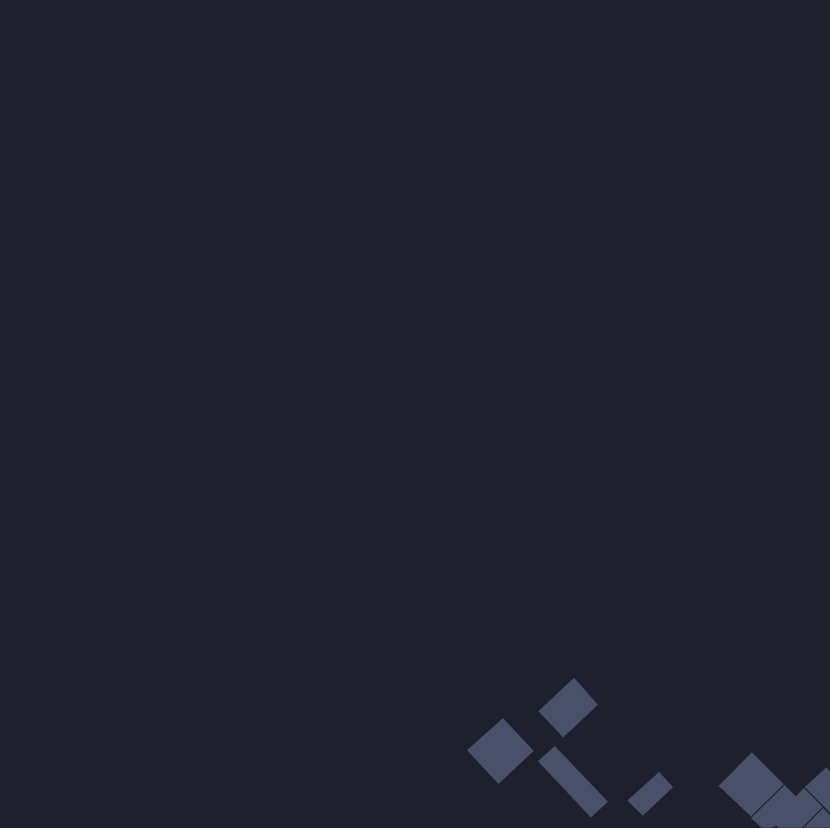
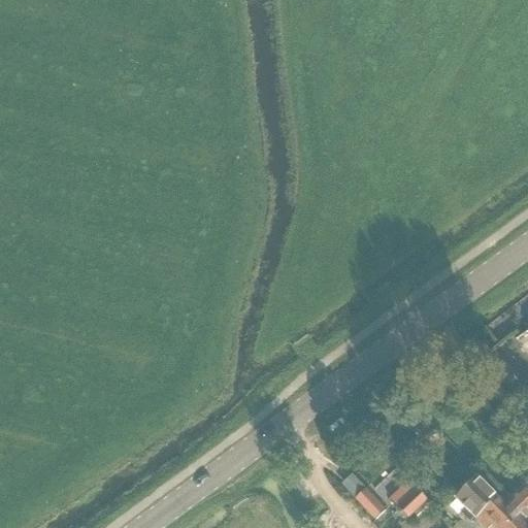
building: [538,677,600,738] -> none
building: [466,716,535,785] -> none

